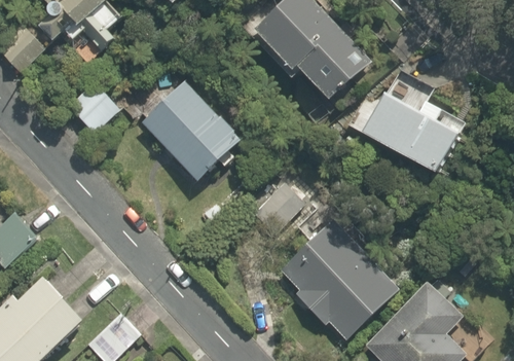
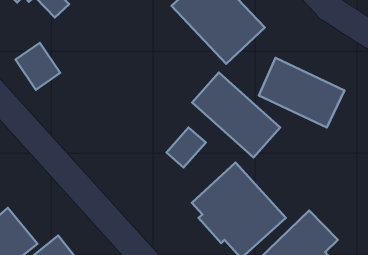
building: [141,73,243,184] -> none
building: none -> [192,72,280,158]

